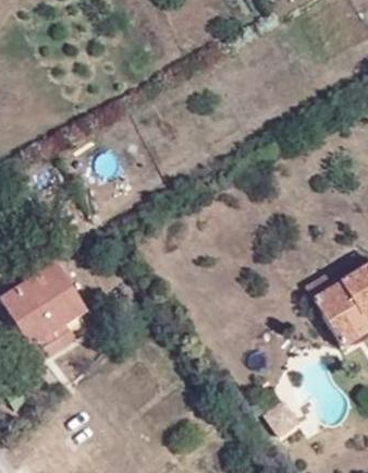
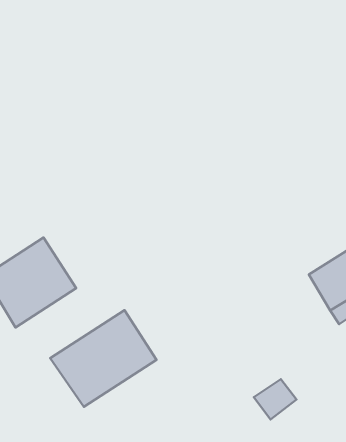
building: none -> [50,310,156,407]

